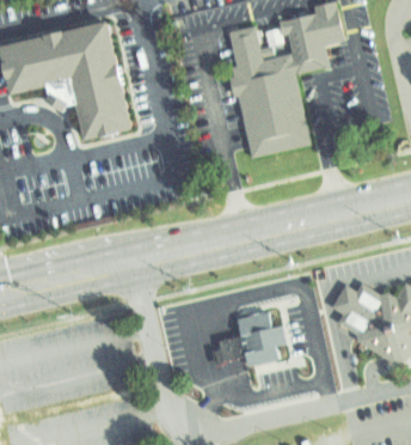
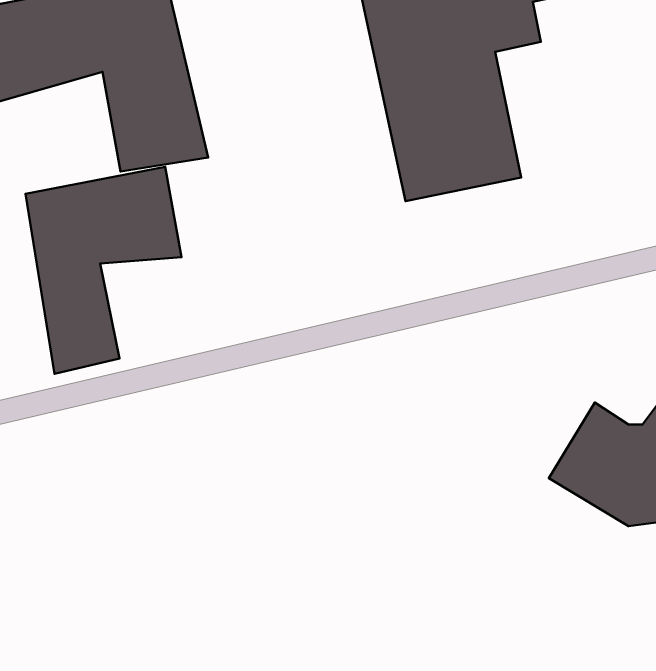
building: none -> [26,167,181,374]
building: [235,309,287,366] -> none

